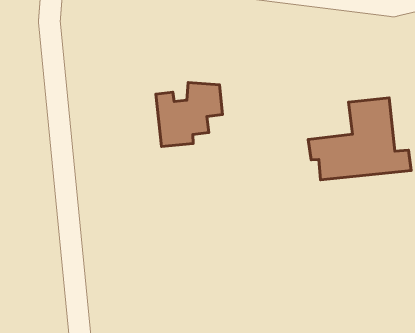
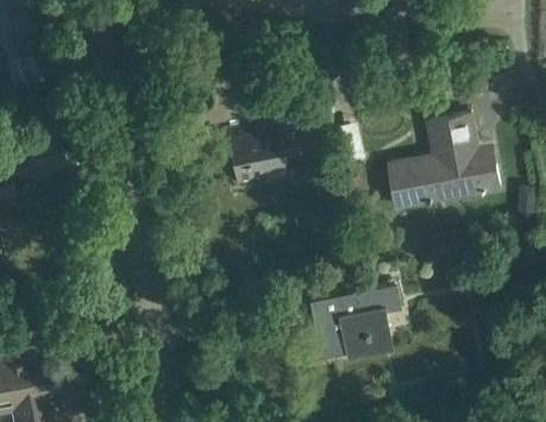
building: none -> [302,289,402,366]

